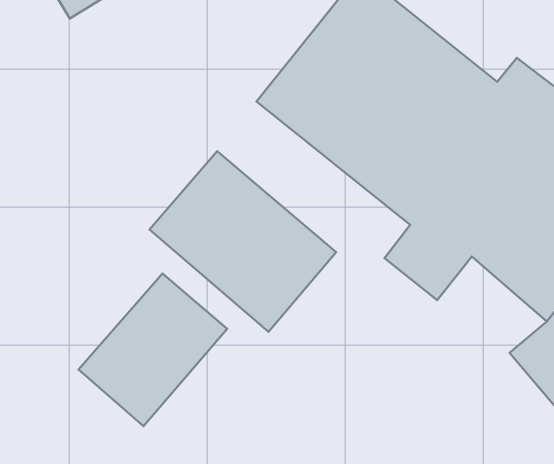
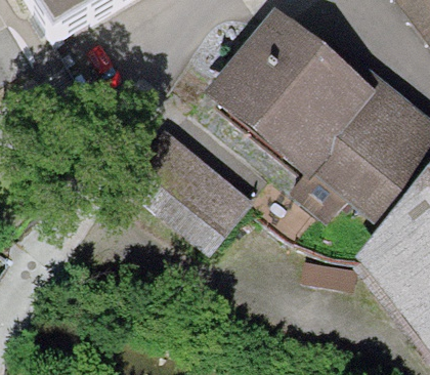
building: [79,274,227,426] -> none

